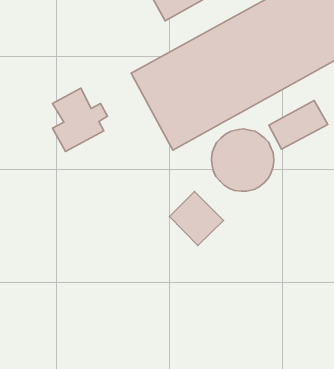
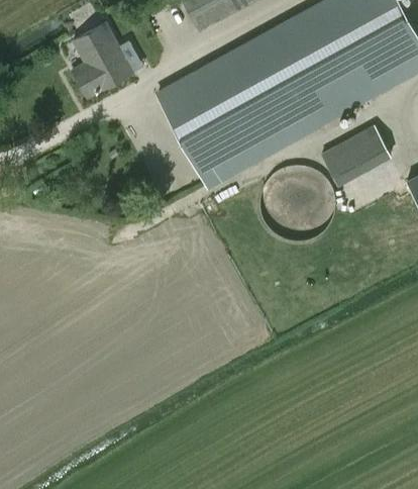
building: [53,88,107,151] -> [73,23,137,98]
building: [170,191,224,245] -> none

